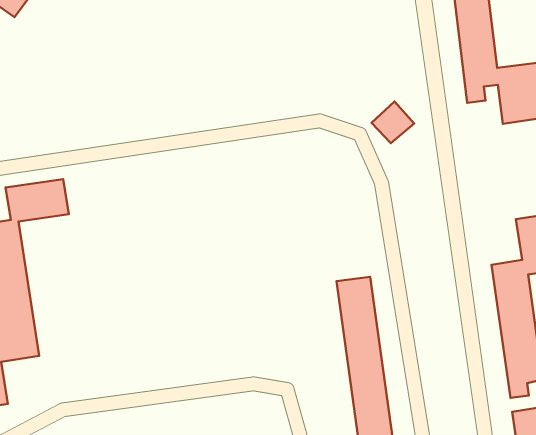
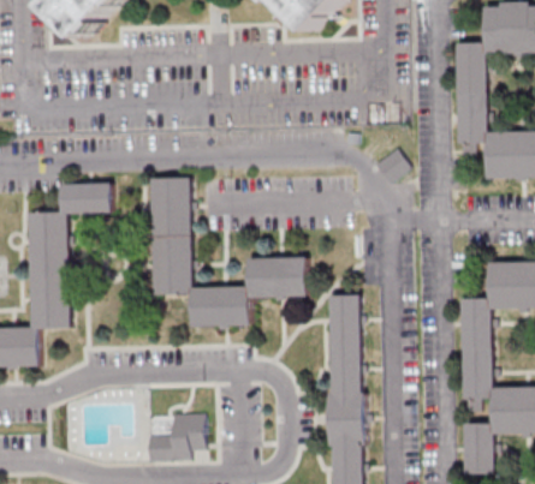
building: none -> [149,177,305,327]

